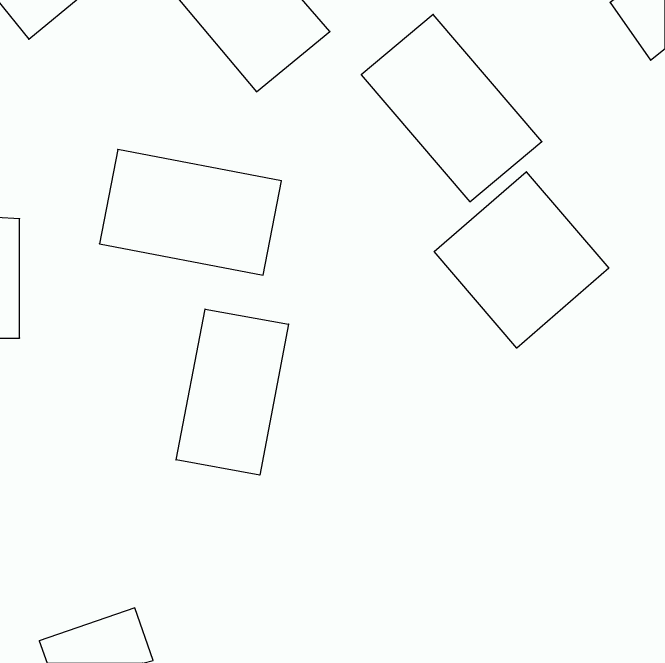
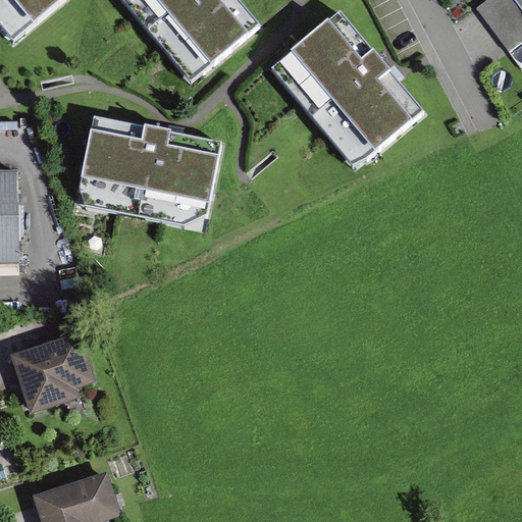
building: [434,172,609,348] -> none
building: [176,309,289,475] -> none
building: none -> [8,331,93,413]

